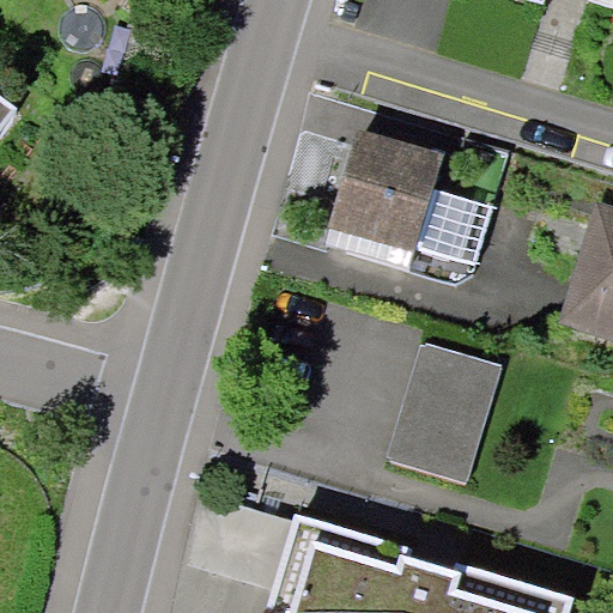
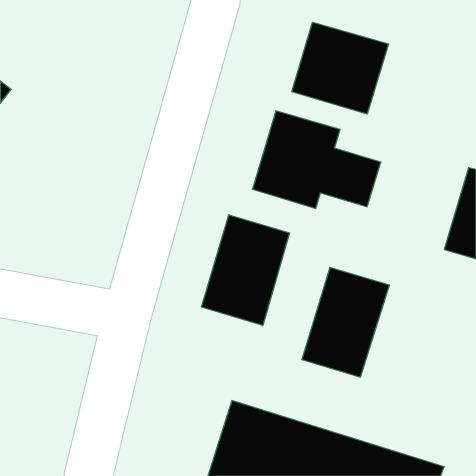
building: none -> [292,22,388,114]
building: none -> [202,215,289,326]

